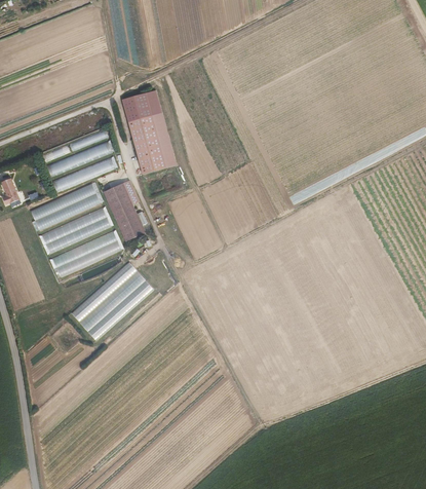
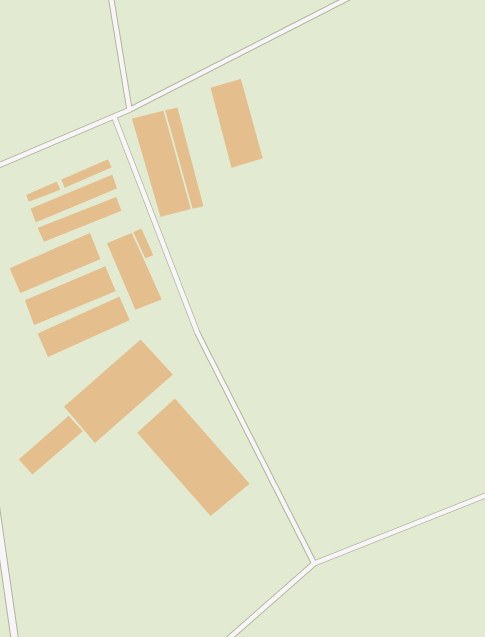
building: none -> [210,78,264,169]
building: none -> [136,398,251,517]
building: none -> [18,415,84,475]

